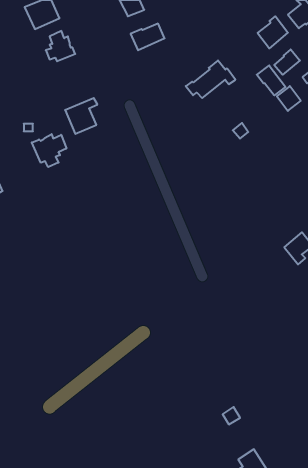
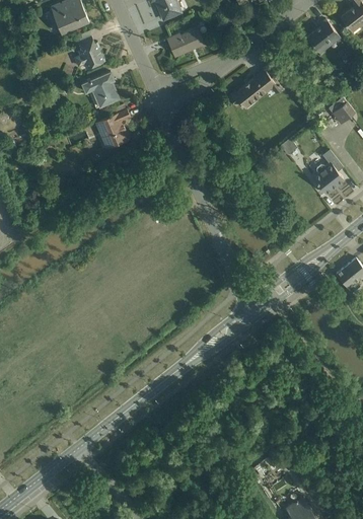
building: [274,49,300,75] -> none
building: none -> [80,72,119,107]
building: [257,65,285,95] -> none
building: none -> [311,149,343,194]
building: [32,134,66,167] -> none

